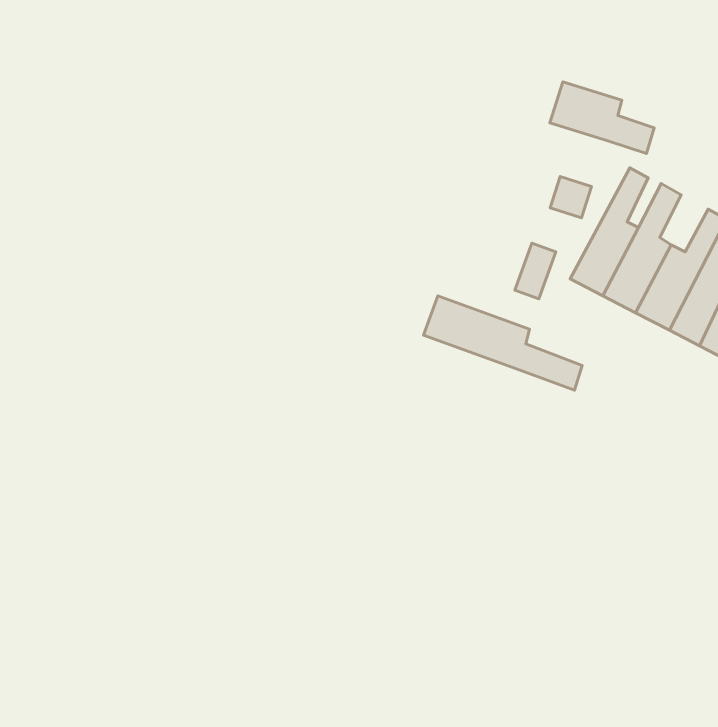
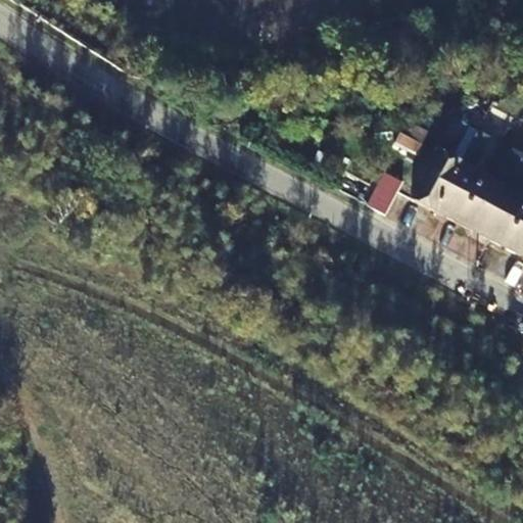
building: [550,82,654,153] -> none
building: [424,296,582,390] -> none

